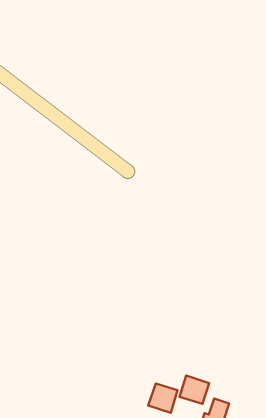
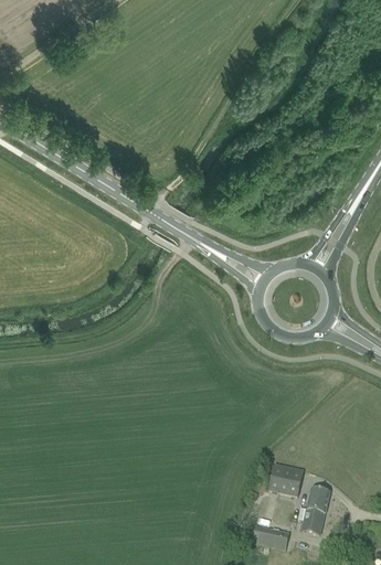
building: [148,384,177,413] -> none

